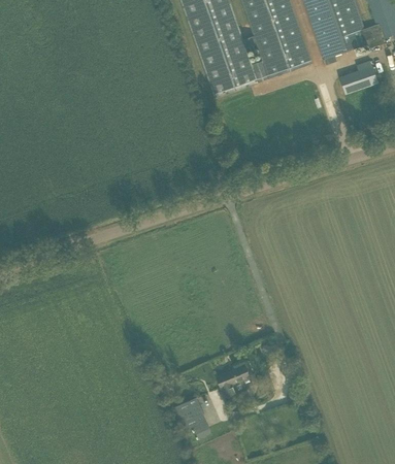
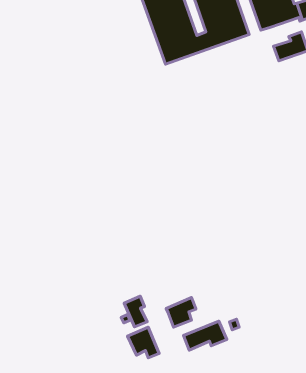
building: none -> [124,296,147,327]
building: none -> [184,321,227,350]

